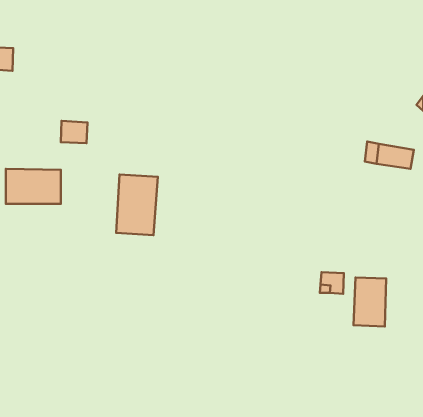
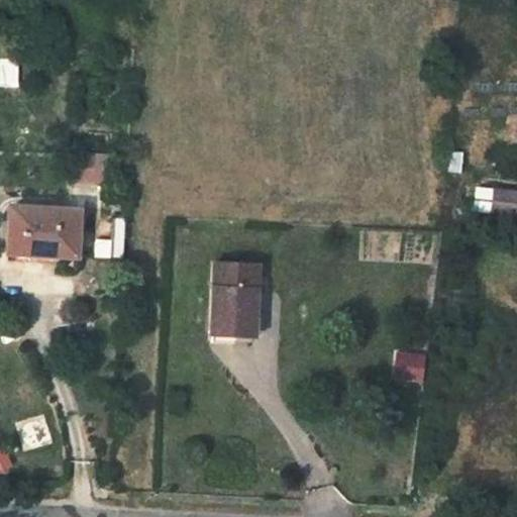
building: [116,174,158,235] -> [217,251,268,325]
building: [353,277,386,327] -> none

